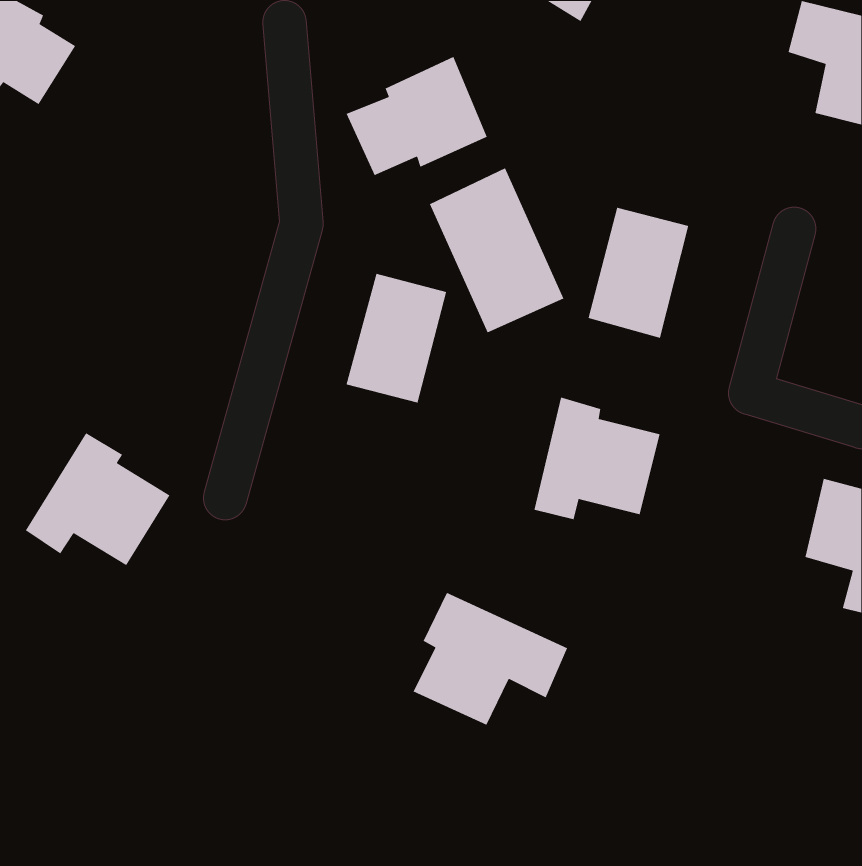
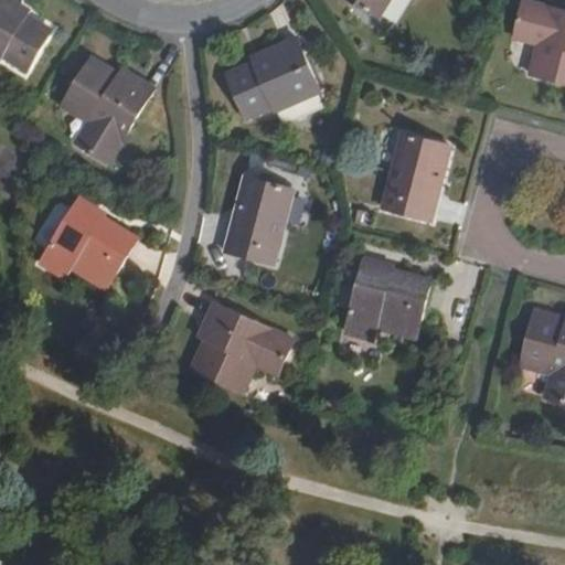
building: none -> [63,56,153,160]
building: [429,167,564,334] -> none
building: [25,432,170,566] -> [41,199,136,286]
building: [412,592,568,726] -> [191,305,292,392]

